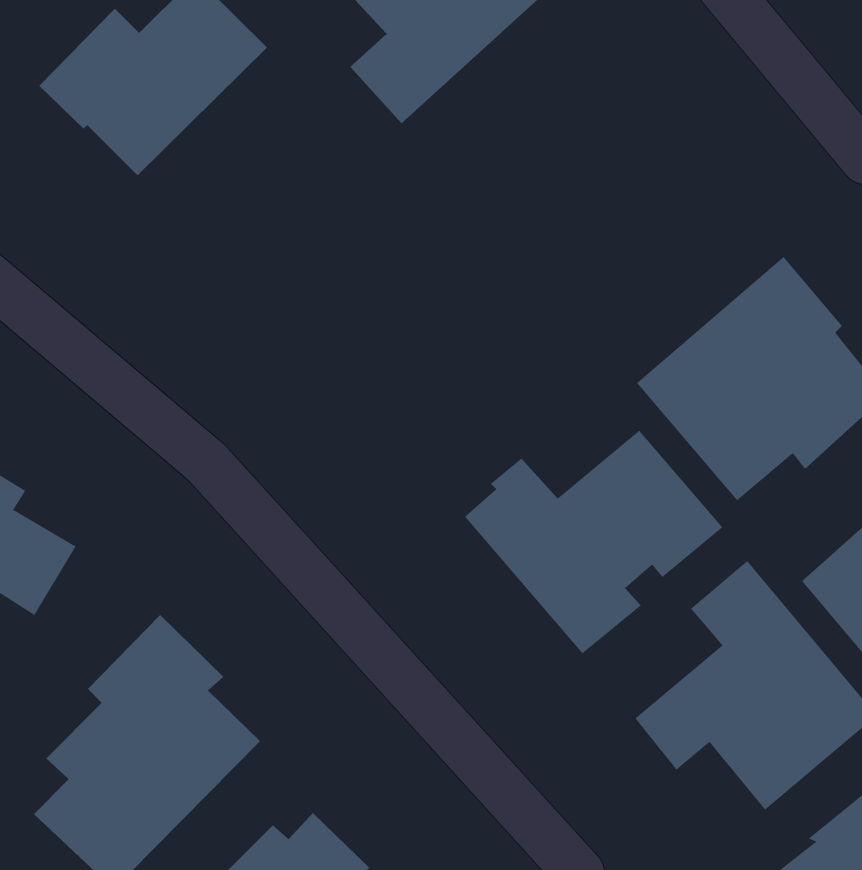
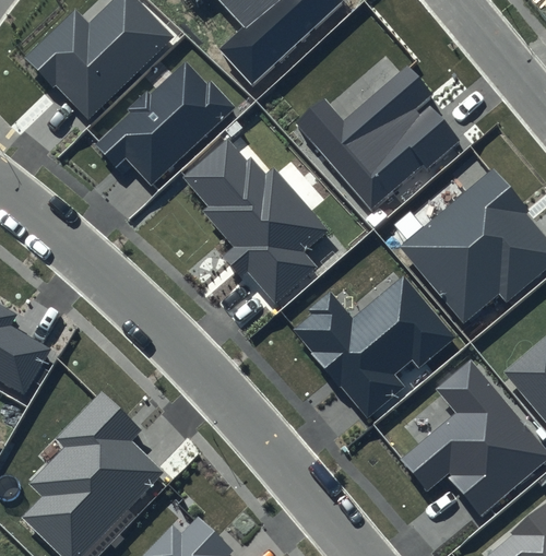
building: none -> [94,62,235,187]
building: none -> [297,64,459,208]
building: none -> [182,140,329,305]

